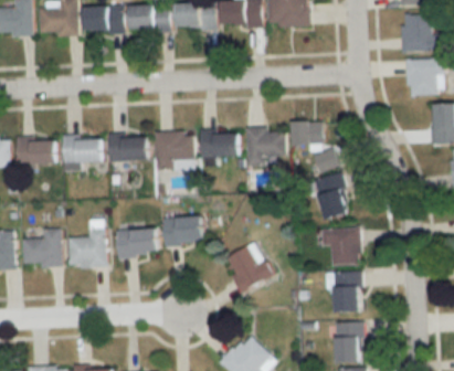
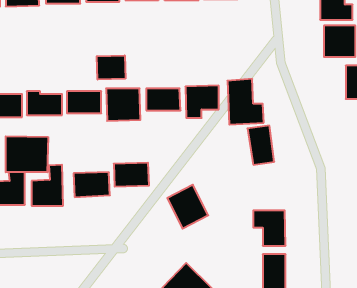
building: none -> [97,55,125,80]
building: none -> [6,136,48,172]
building: [321,227,359,264] -> none

